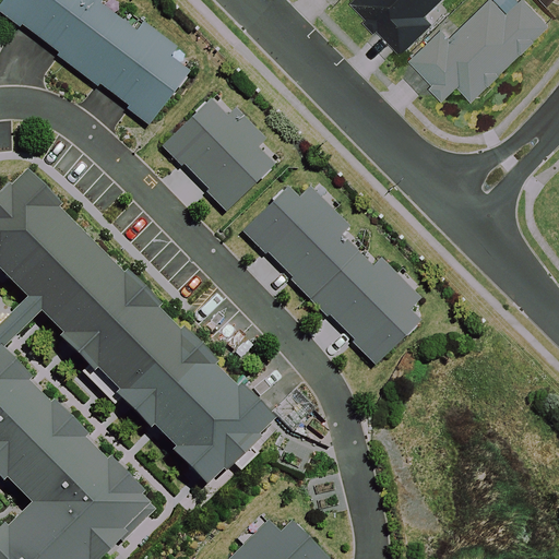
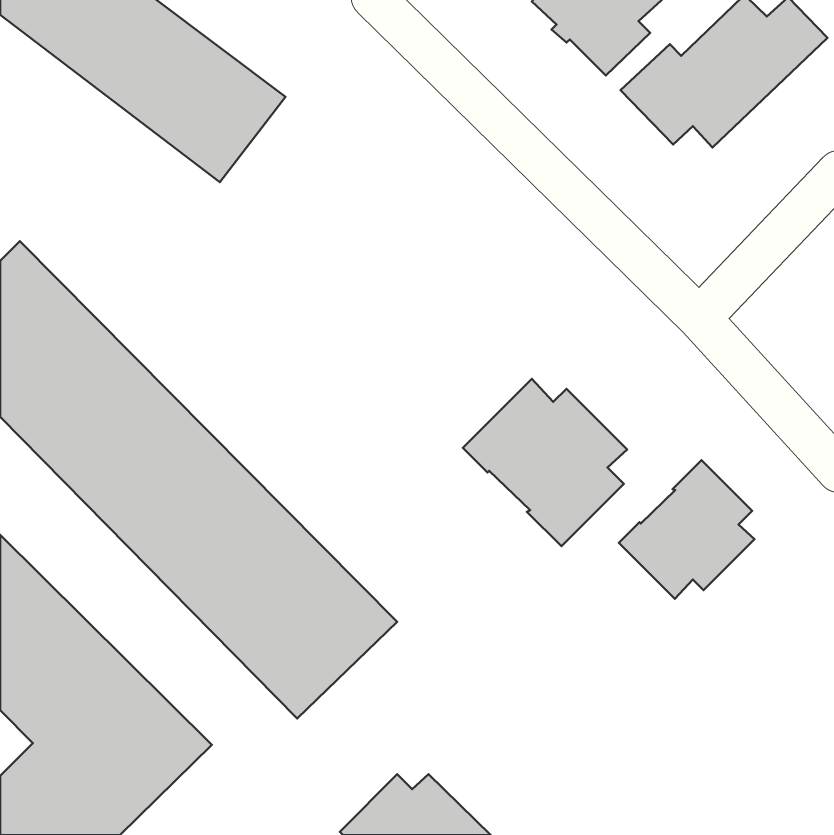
building: [163,100,273,211] -> none
building: [245,188,357,298] -> none
building: none -> [619,460,755,599]

